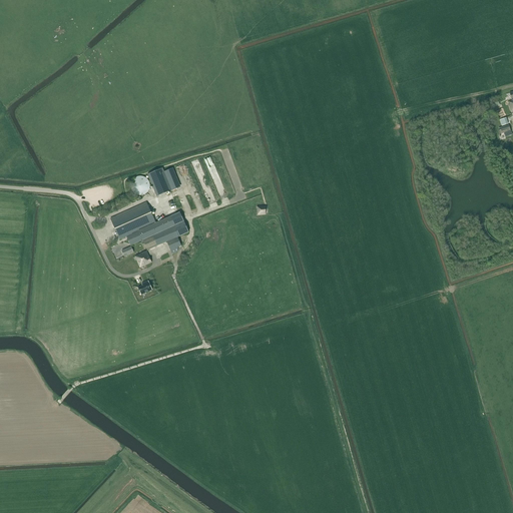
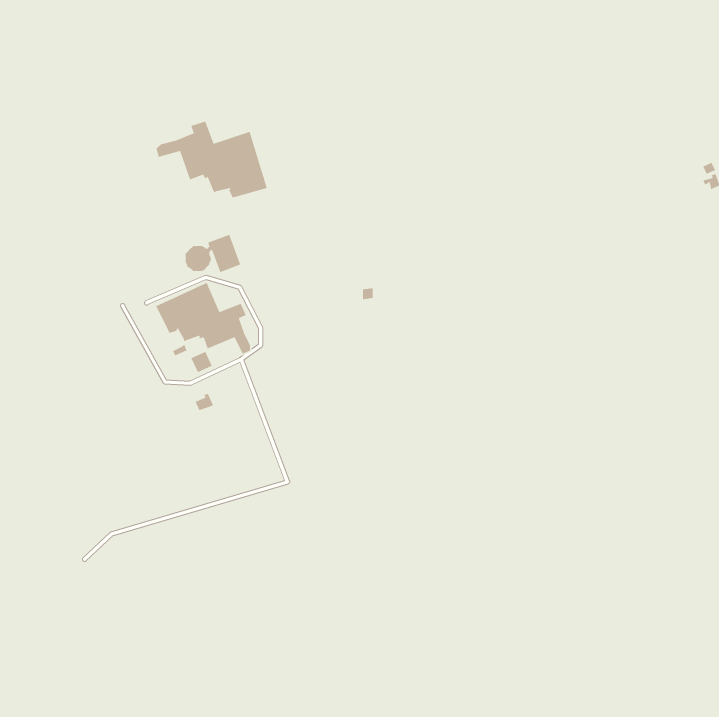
building: none -> [155,120,268,198]

